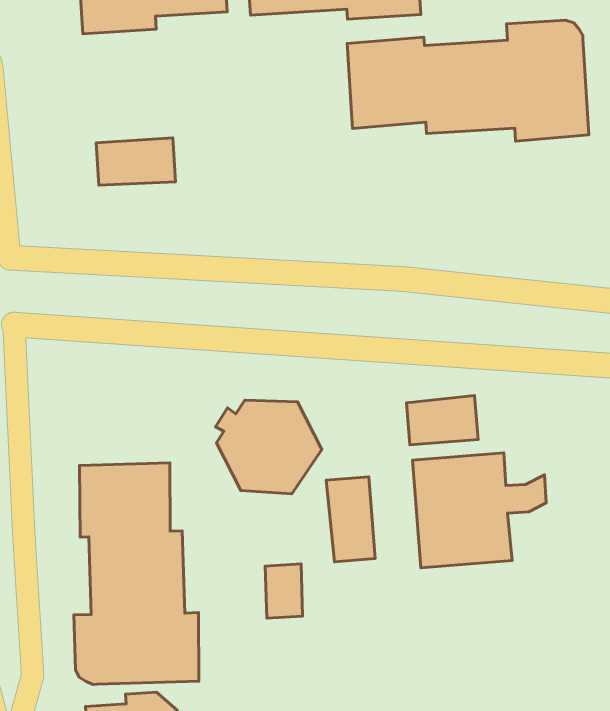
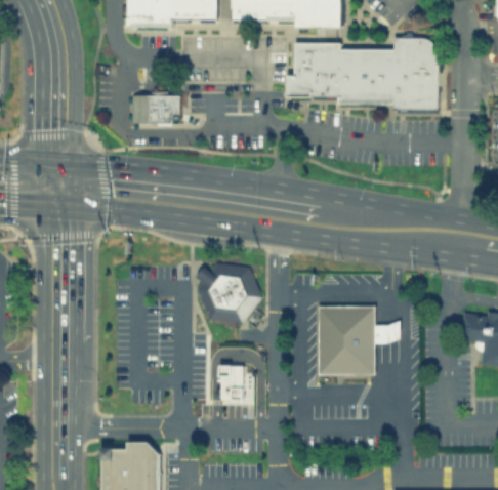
building: [406,396,478,445] -> none
building: [74,463,199,684] -> none
building: [326,477,375,562] -> none

